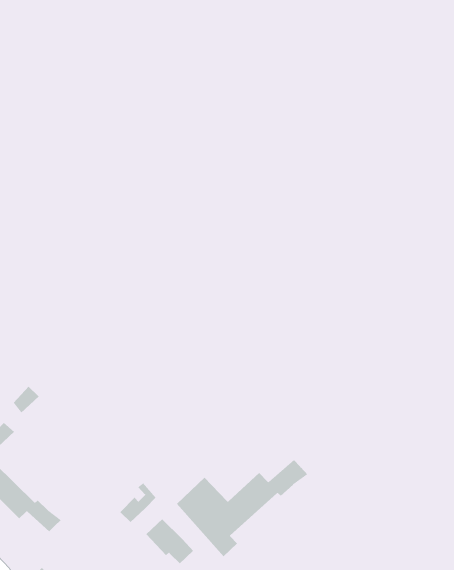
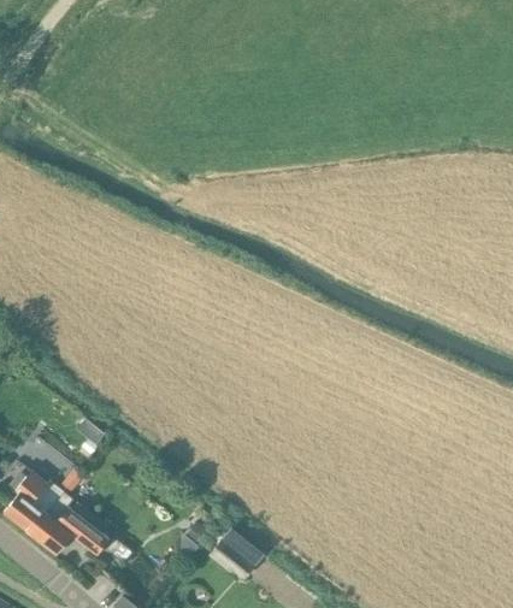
building: [176,459,308,557] -> none

